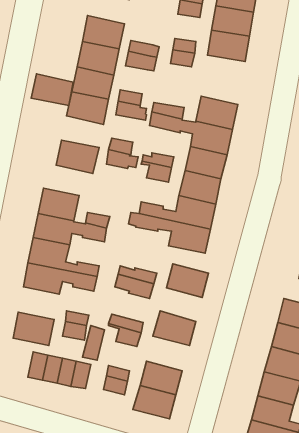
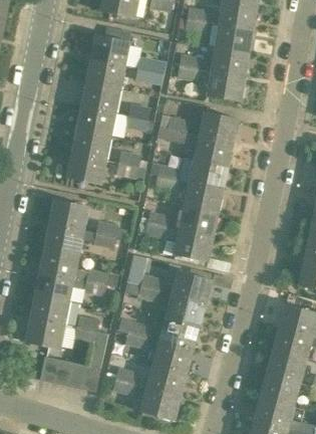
building: none -> [207,70,247,100]
building: [31,74,73,105] -> [71,129,111,159]
building: none -> [30,292,69,323]
building: none -> [166,293,206,325]
building: none -> [152,340,194,373]

